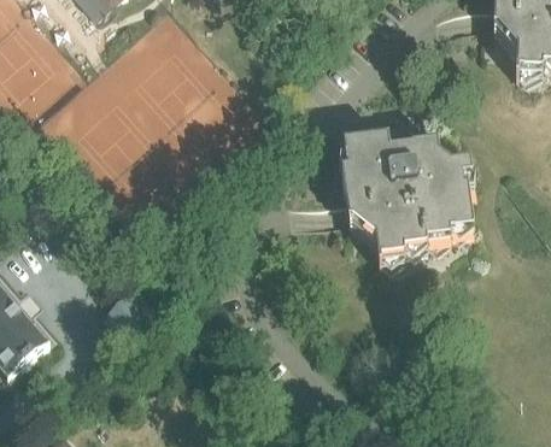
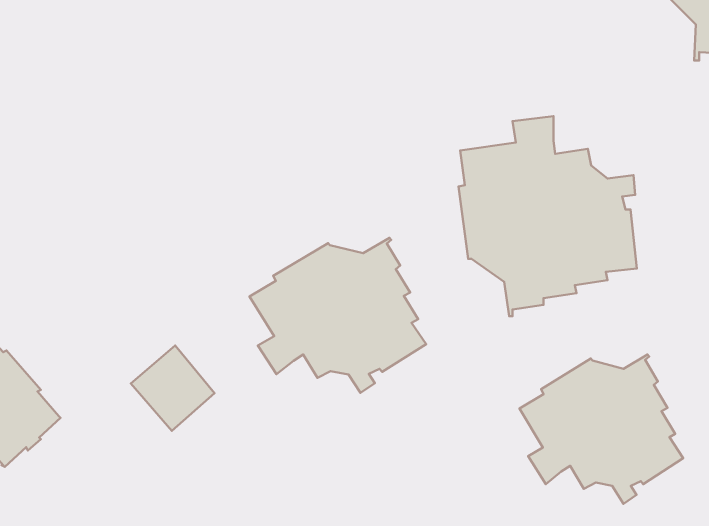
building: none -> [249,238,426,393]
building: none -> [520,354,683,504]

